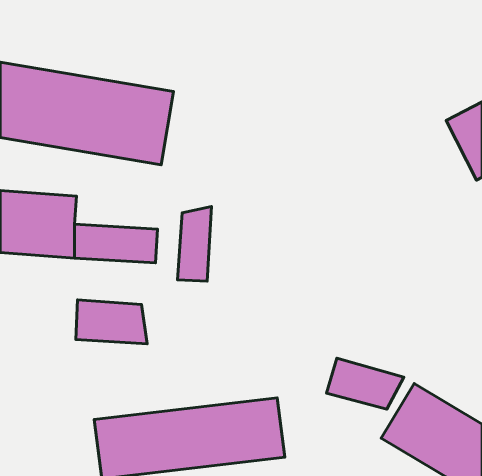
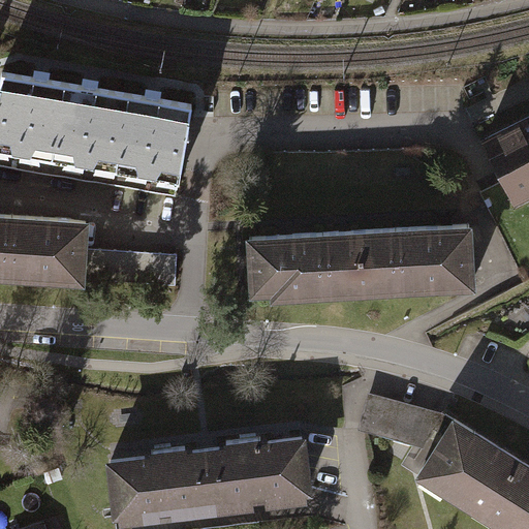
building: none -> [257,219,484,295]
building: [178,206,211,281] -> none
building: [76,300,147,344] -> none

